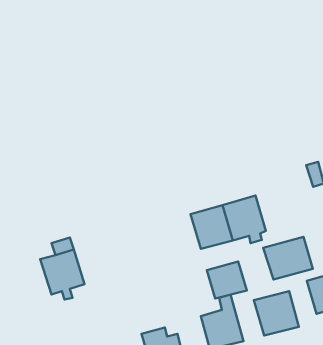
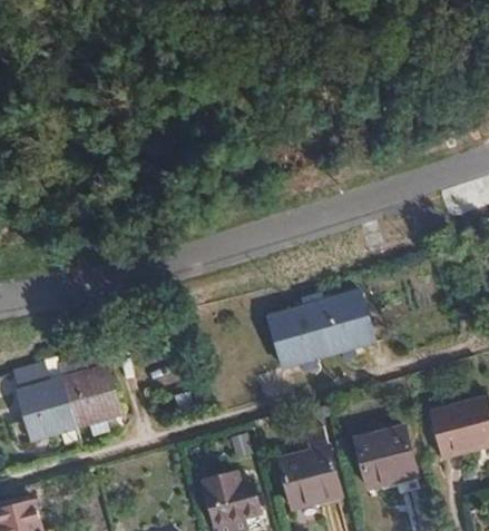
building: [263,237,313,279] -> none
building: none -> [11,367,75,440]
building: [207,262,247,298] -> none

